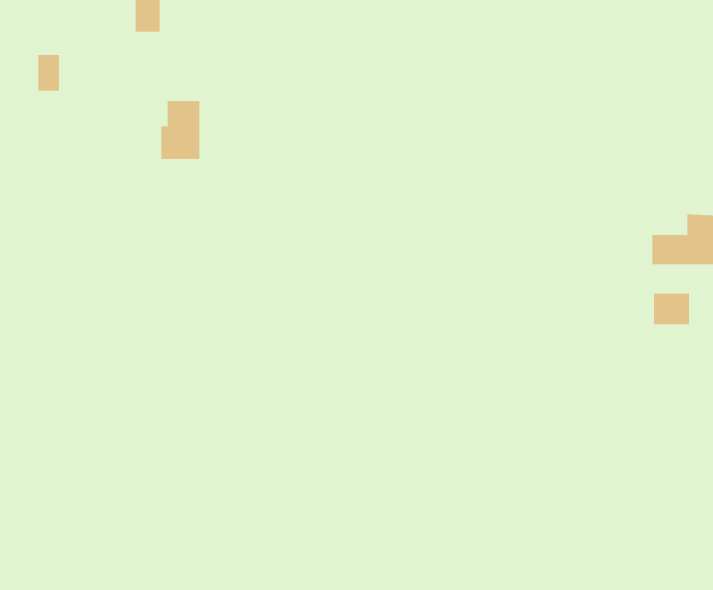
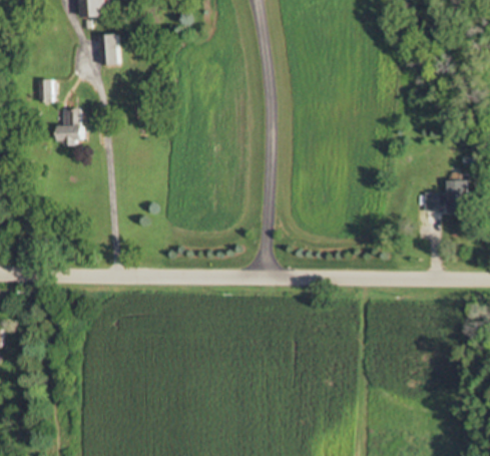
building: [160,100,200,159] -> [58,106,83,143]
building: [653,293,689,325] -> none

